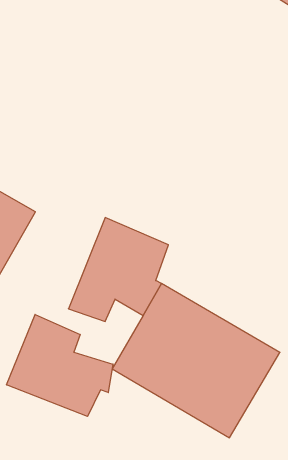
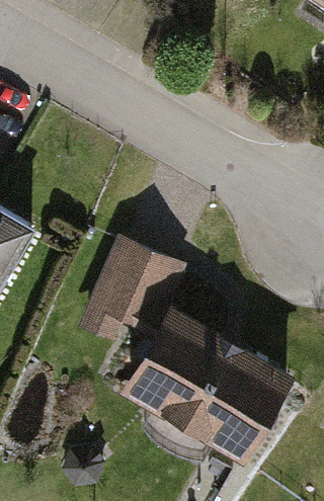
building: [7,314,113,416] -> none

